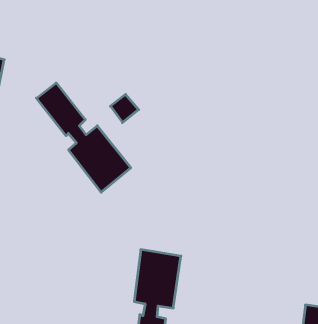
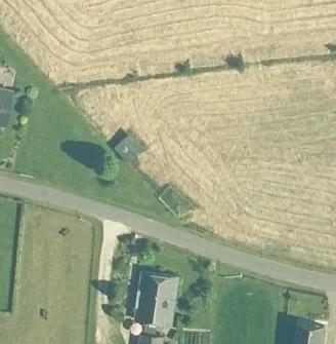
building: [36,83,131,192] -> none

